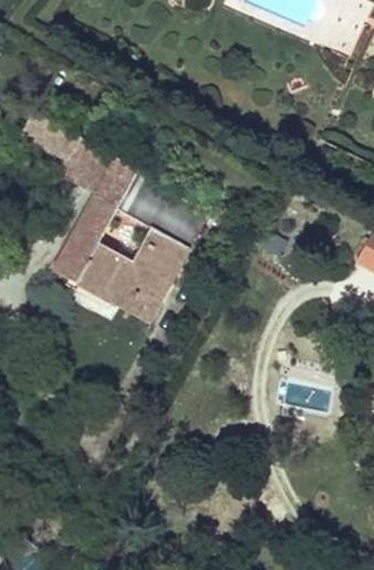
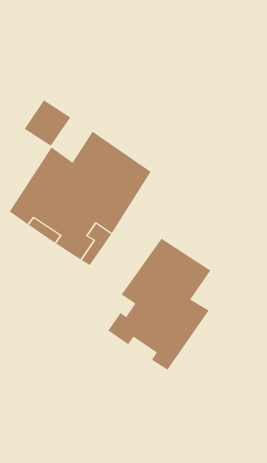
building: none -> [108,238,211,371]

